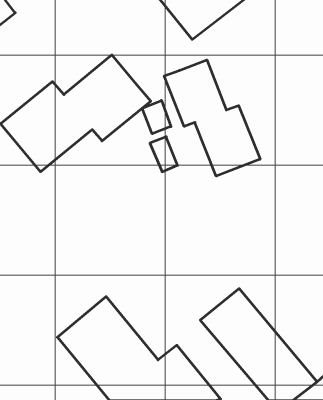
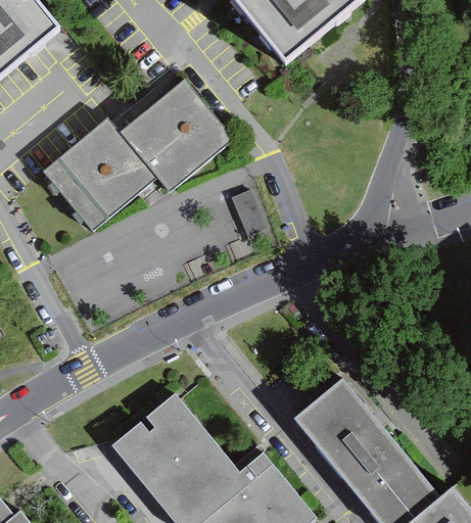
building: [164,60,260,176] -> none
building: [142,100,171,134] -> none

